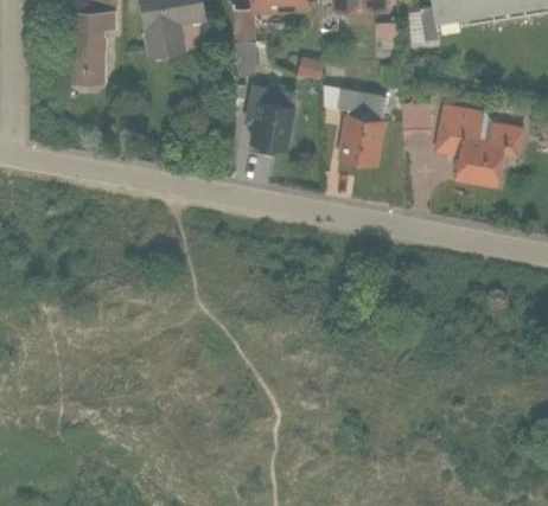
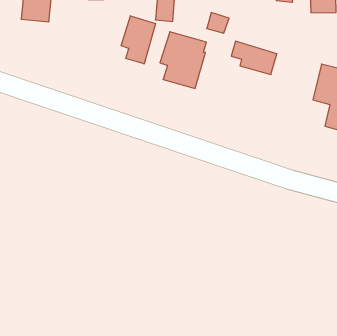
building: none -> [121,16,156,64]
building: [402,105,432,134] -> none
building: [334,120,384,168] -> none

